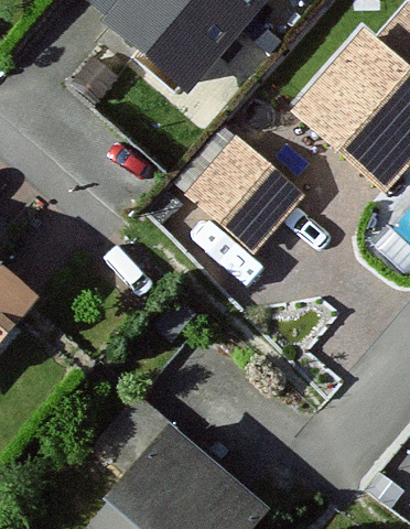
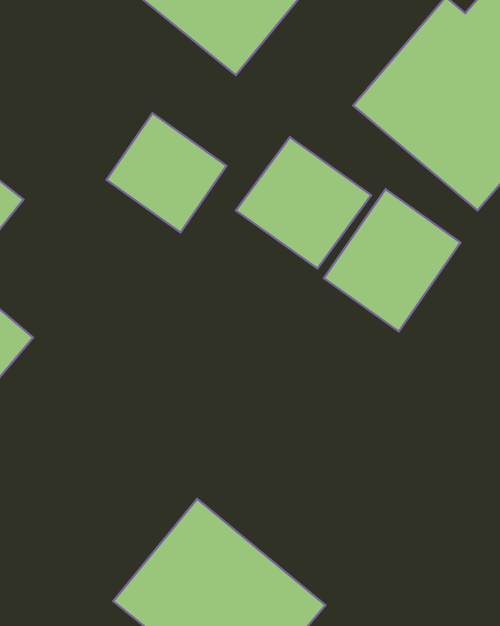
building: none -> [107,113,226,233]
building: none -> [324,189,460,332]

